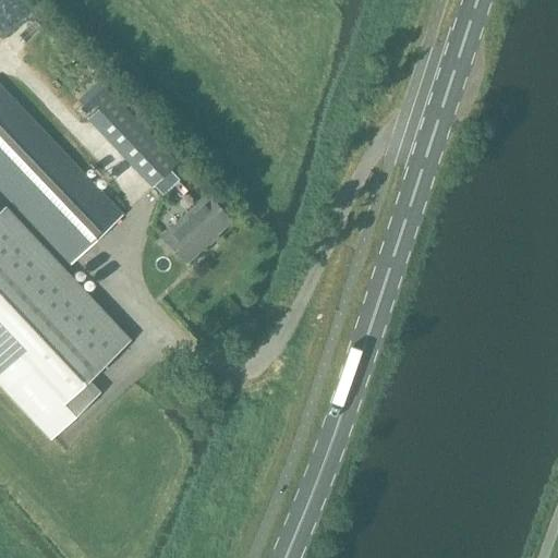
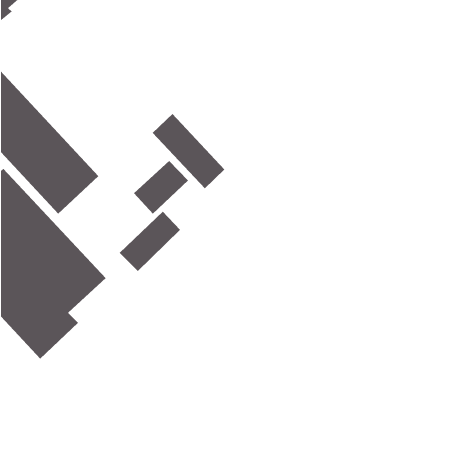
building: [87,94,177,186] -> [152,113,225,189]
building: none -> [119,211,181,272]

